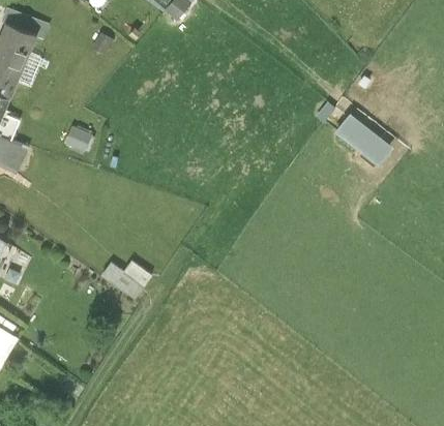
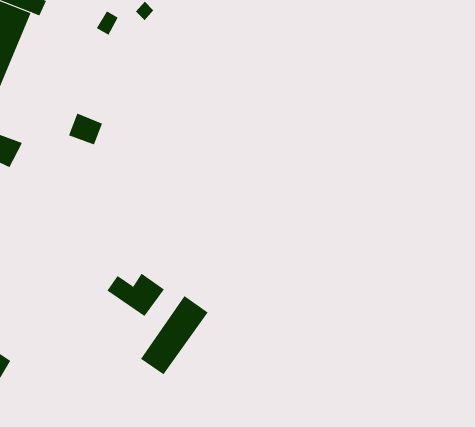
building: [334,114,392,165] -> none
building: none -> [140,295,208,375]

